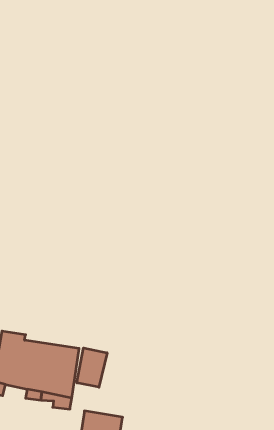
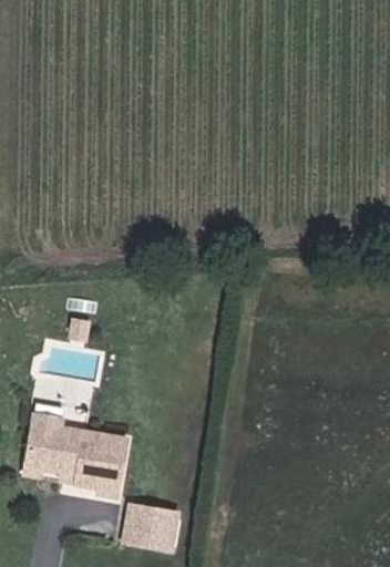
building: [77,348,107,387] -> none

